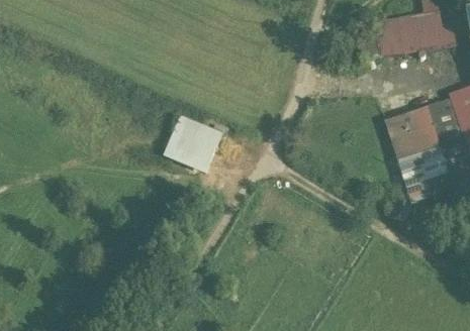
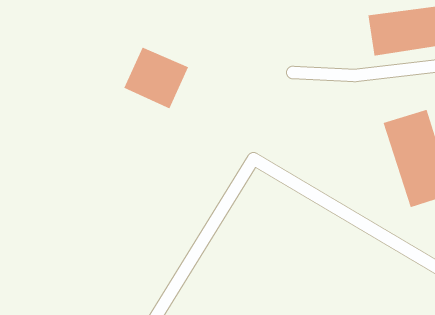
building: [161,113,223,173] -> [123,47,189,110]

